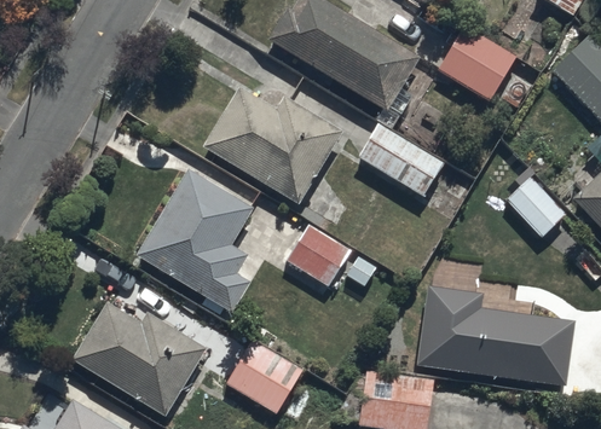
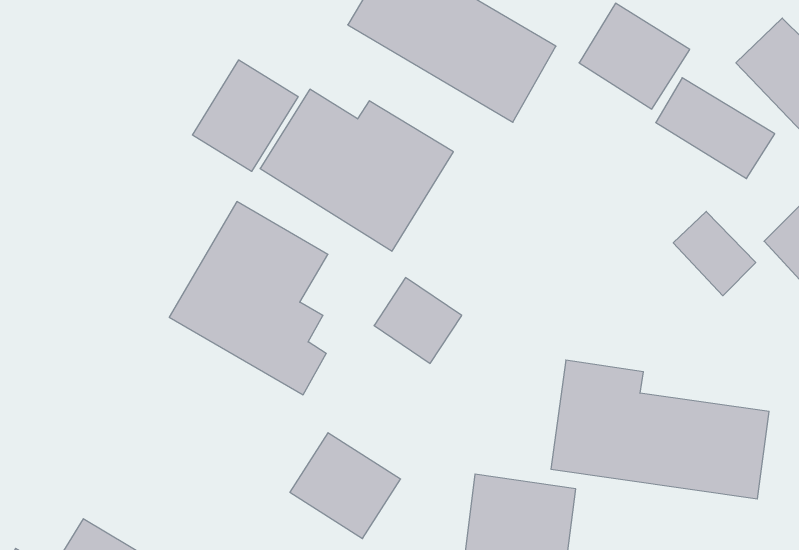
building: none -> [192,60,298,171]
building: [357,122,444,196] -> [656,78,775,179]
building: [70,300,206,416] -> none

